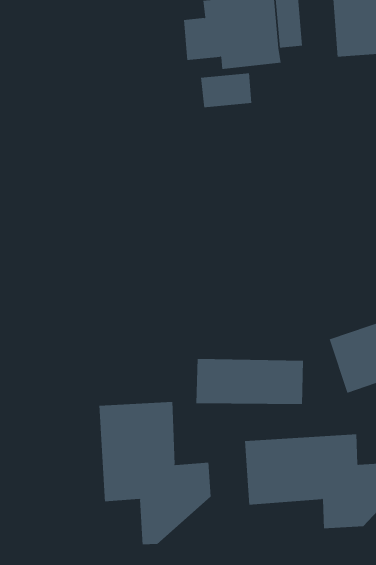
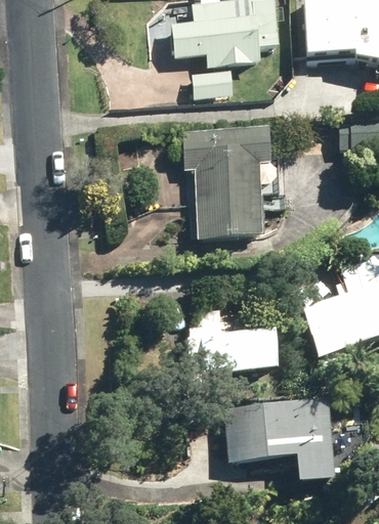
building: none -> [184,127,270,236]
building: [99,401,211,545] -> none

